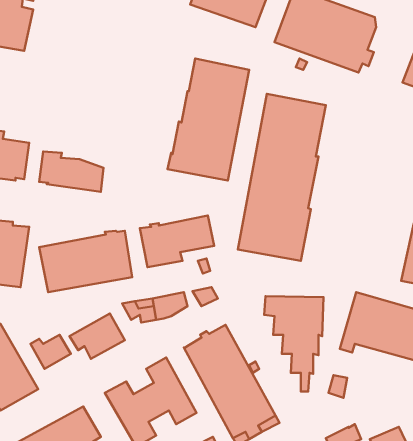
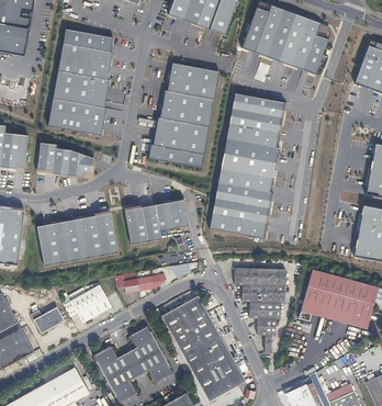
building: none -> [48,29,113,135]

